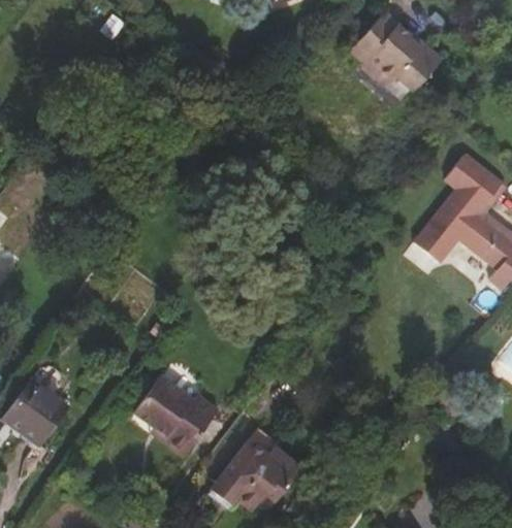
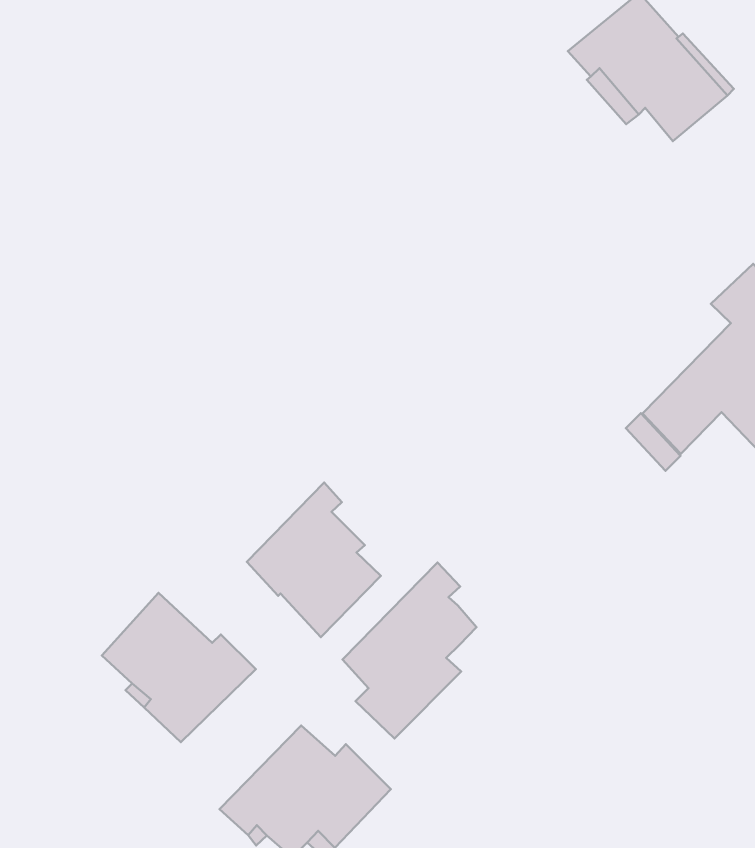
building: none -> [247,482,381,637]
building: none -> [342,562,477,738]

